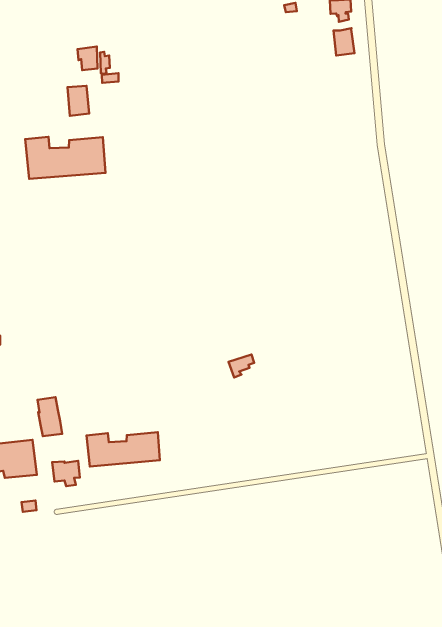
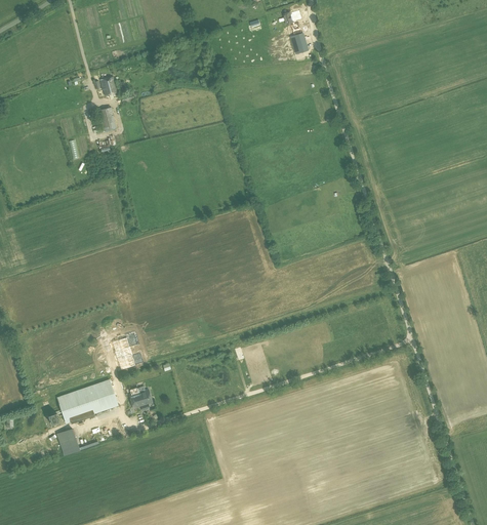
building: [25,137,105,179] -> none
building: [86,432,160,467] -> none

